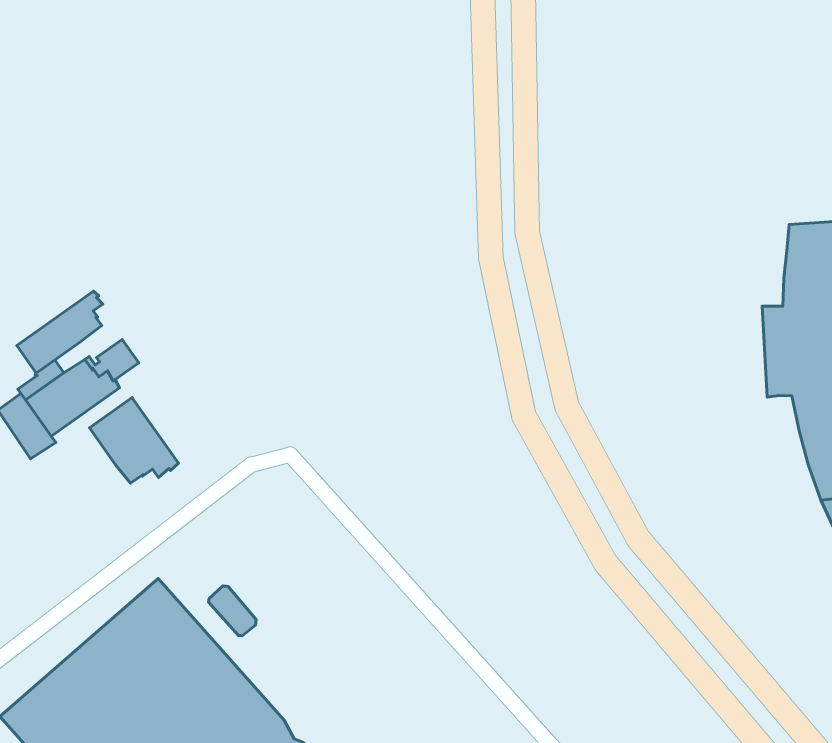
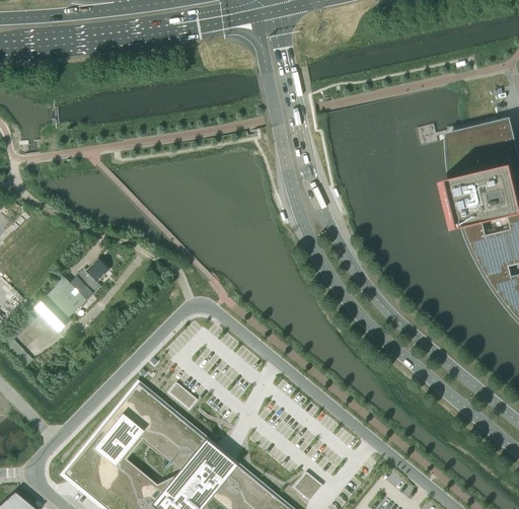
building: [17,291,103,373] -> none
building: [89,398,178,483] -> none

